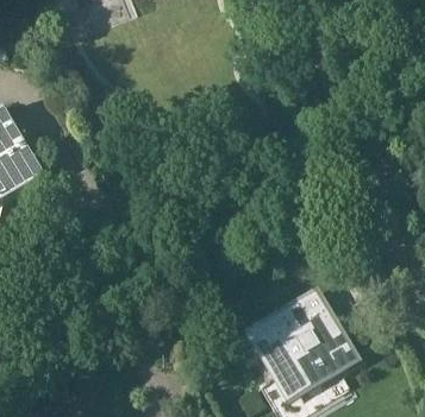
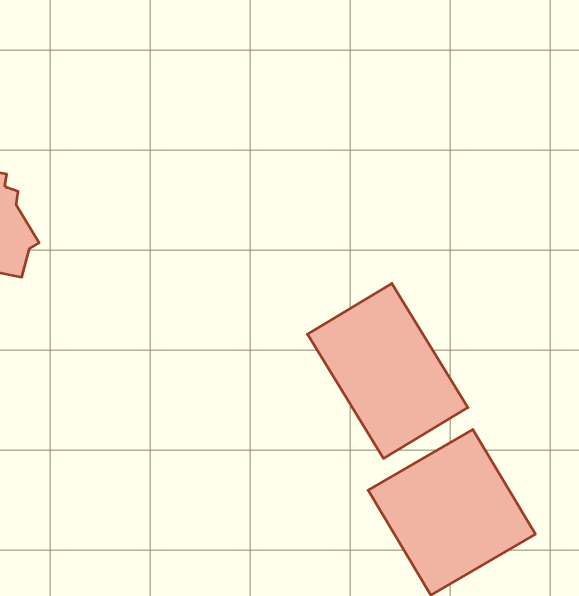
building: none -> [307,283,468,458]

